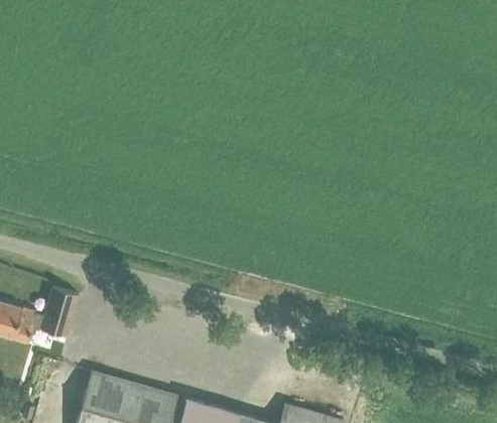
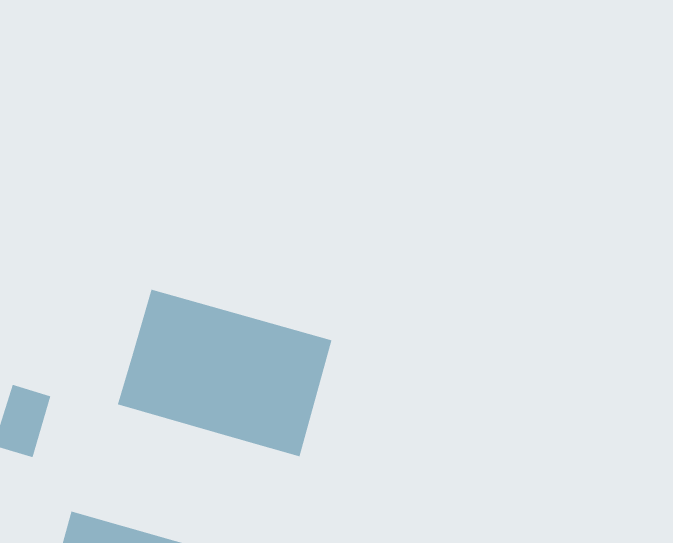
building: none -> [117,289,332,457]

